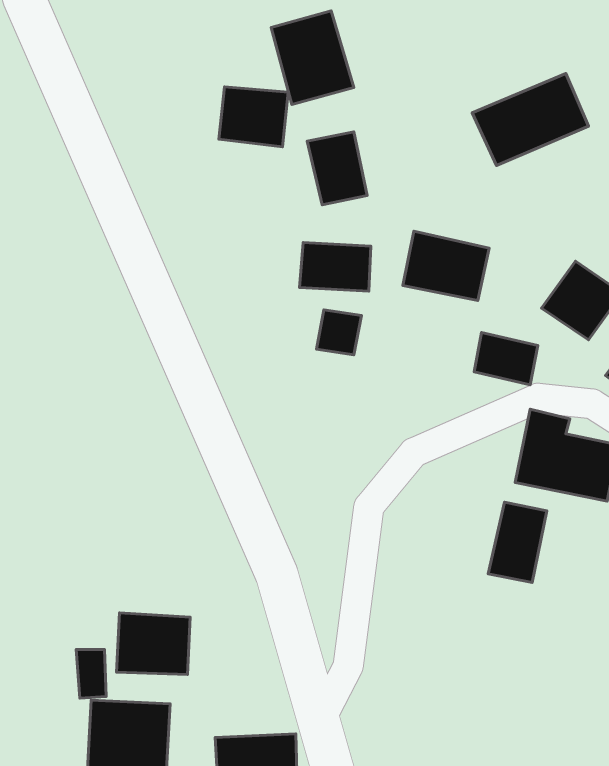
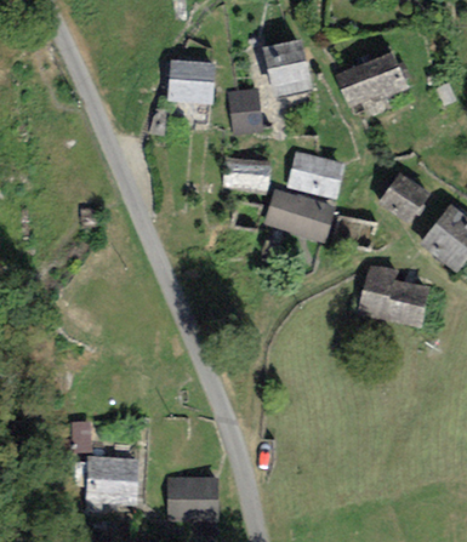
building: [271,11,354,105] -> [262,35,315,96]
building: none -> [264,187,334,239]
building: [488,502,547,583] -> none
building: [116,613,190,674] -> none

